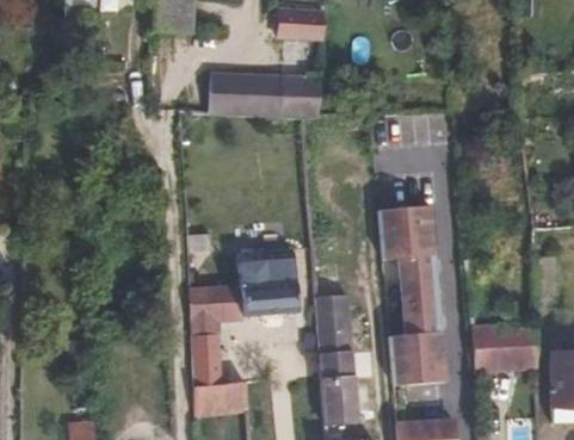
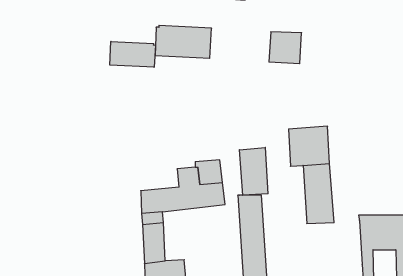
building: [279,76,322,118] -> [269,32,302,64]
building: none -> [110,41,156,67]
building: none -> [239,147,268,195]
building: [391,331,445,384] -> none

